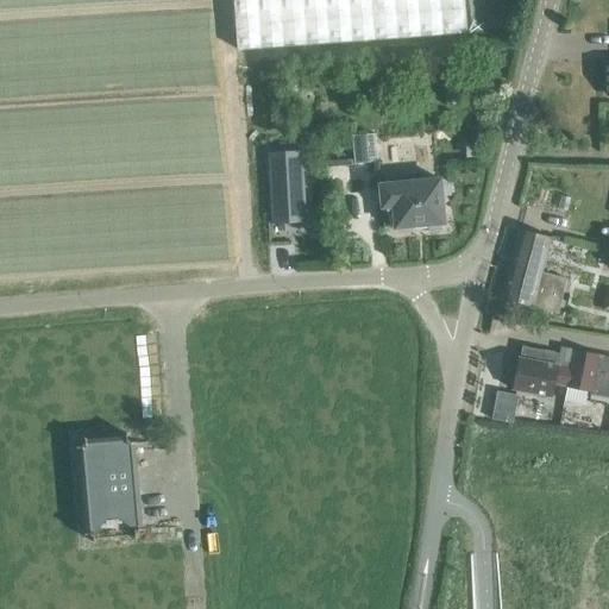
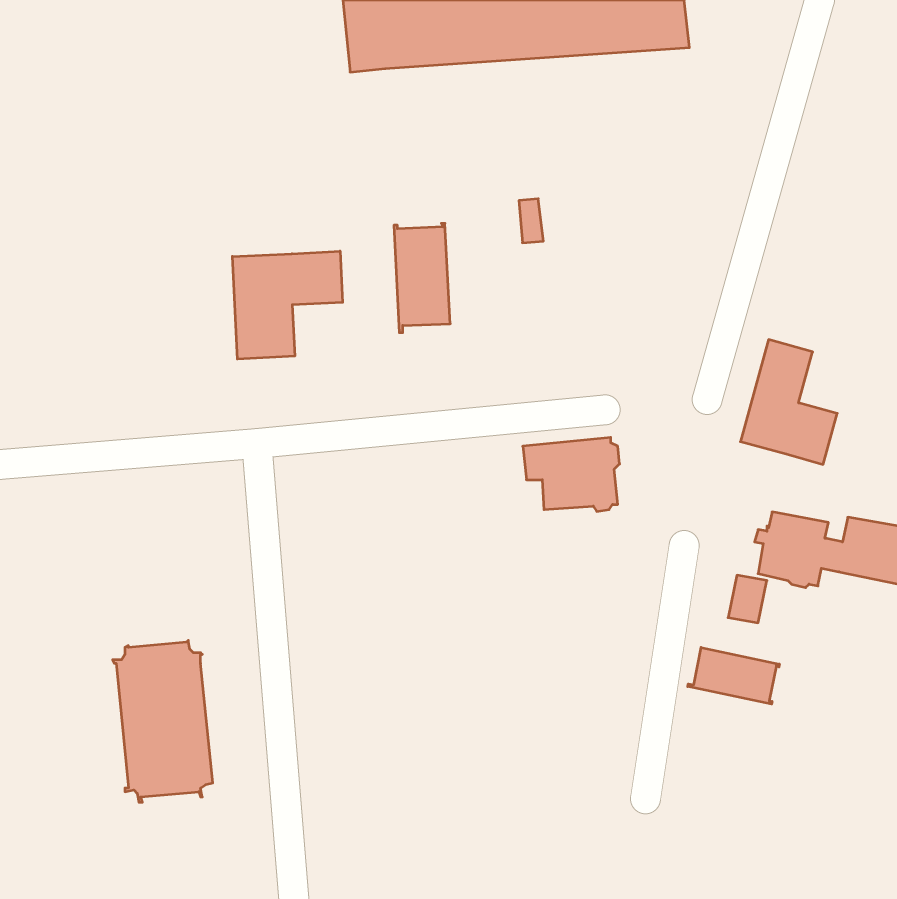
building: none -> [232,251,343,359]
building: [381,178,446,228] -> [523,437,620,511]
building: none -> [688,647,779,704]

